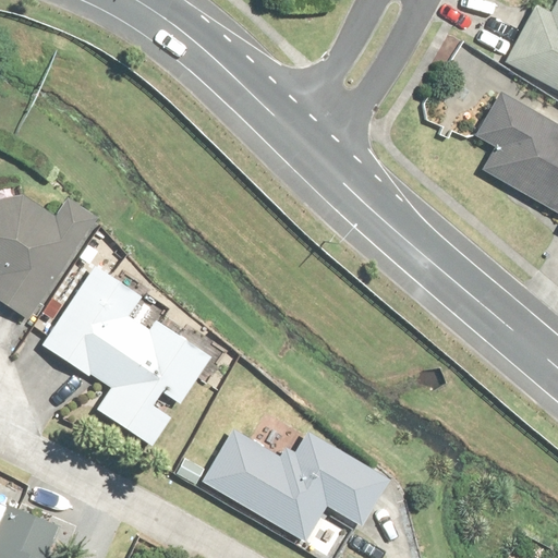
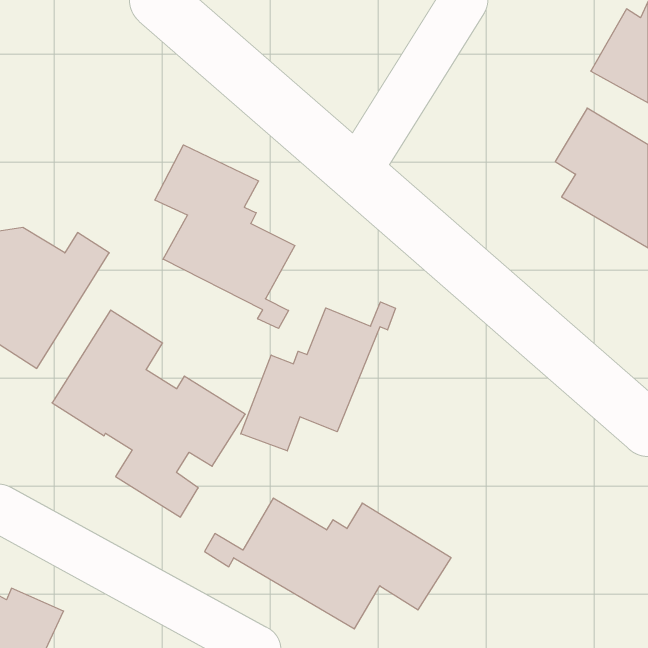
building: none -> [155,145,295,328]
building: none -> [241,302,396,451]

